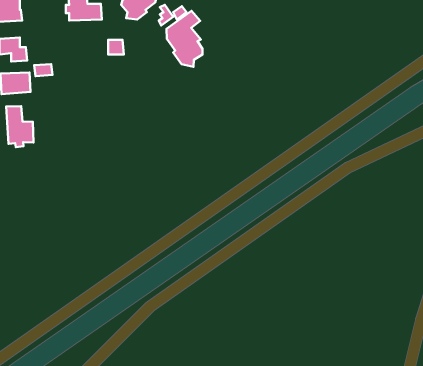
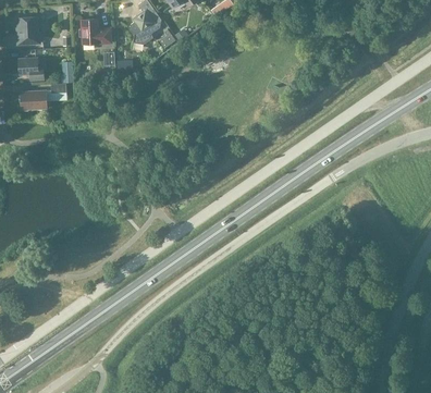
building: [167,11,203,67] -> none
building: [6,106,34,147] -> none

